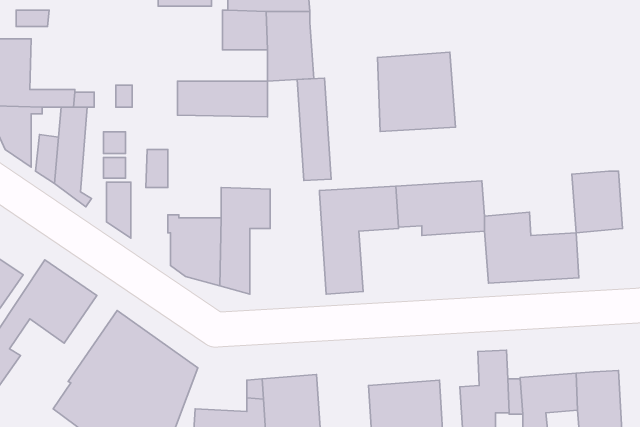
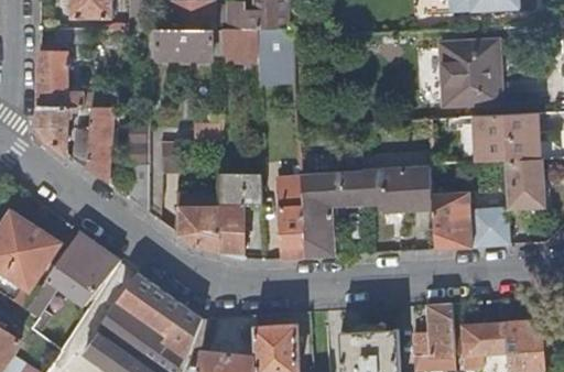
building: [378,52,455,131] -> [441,41,503,105]
building: [297,78,331,180] -> [278,177,305,260]
building: [177,81,267,117] -> [149,30,221,58]
building: none -> [474,113,538,163]

